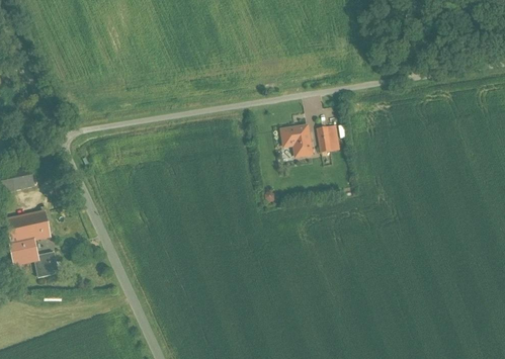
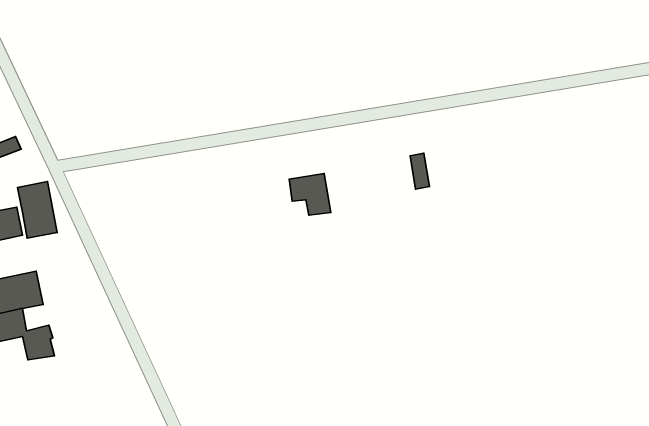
building: [282,125,313,156] -> [289,173,331,215]
building: none -> [17,182,57,238]

